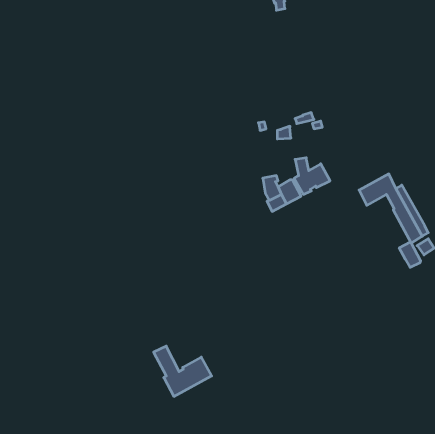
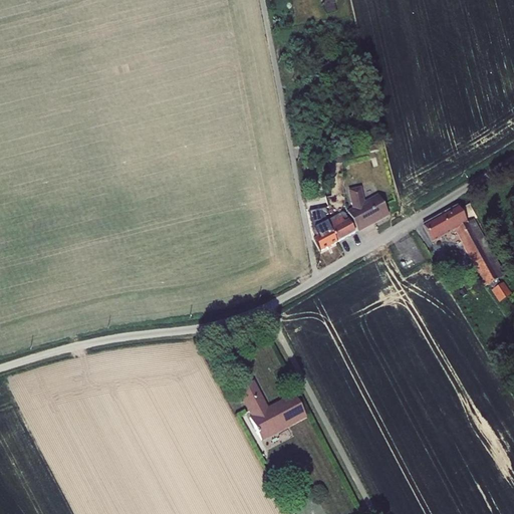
building: [399,242,421,267] -> none
building: [154,346,212,396] -> [238,379,306,439]

